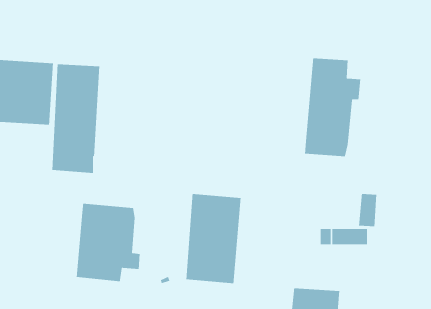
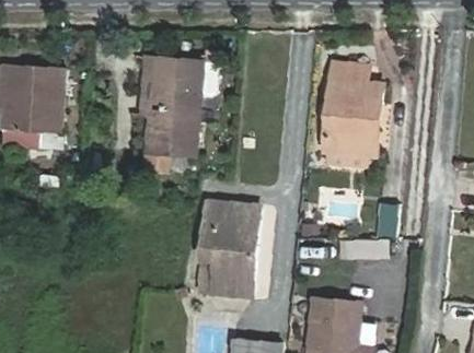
building: [52,64,100,174] -> [146,57,196,170]
building: [76,203,141,282] -> none

